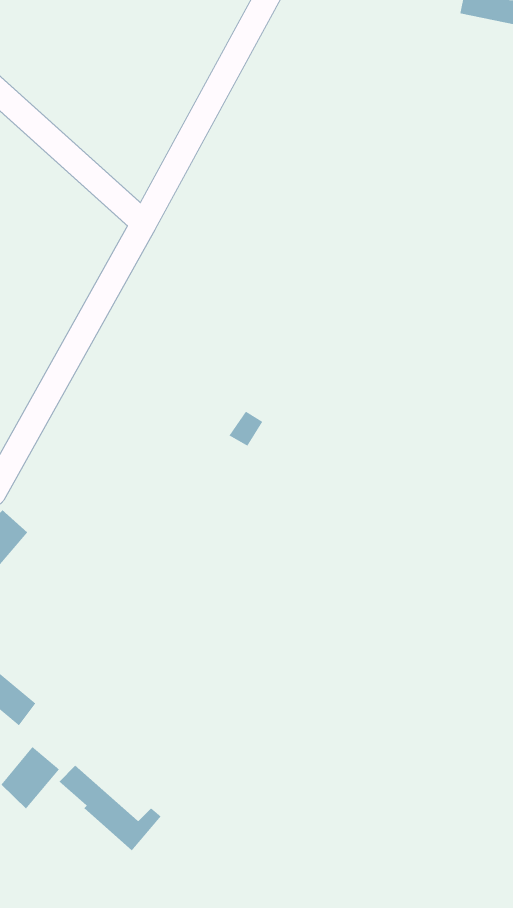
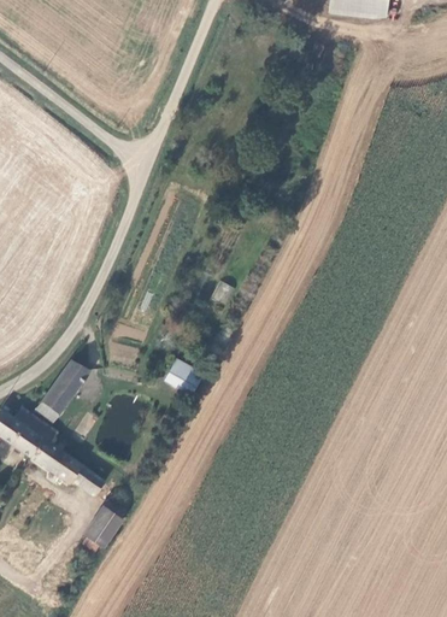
building: none -> [163,357,199,389]
building: [59,765,161,851] -> none

